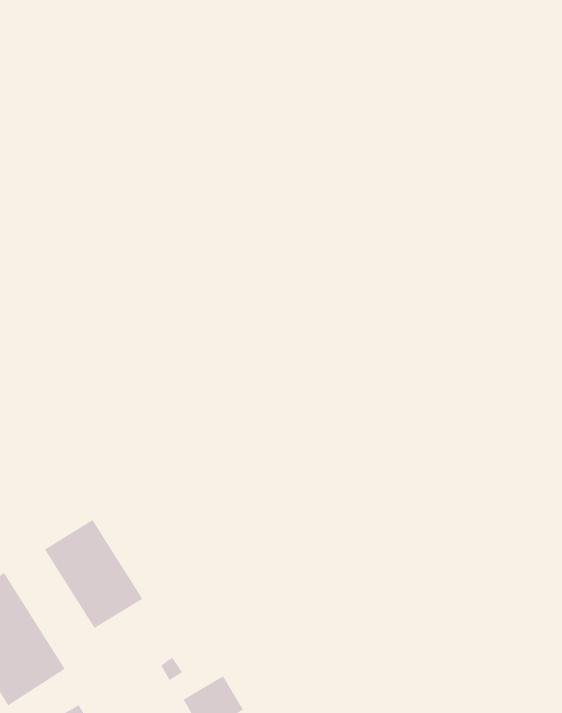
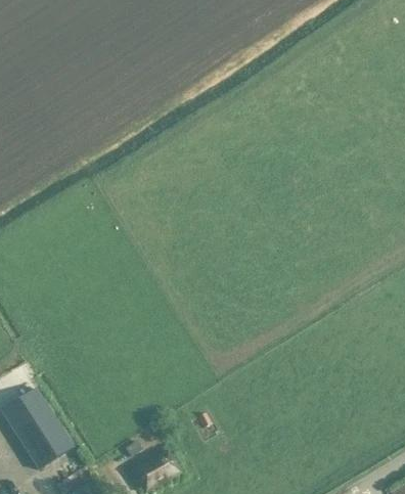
building: [44,519,143,629] -> none

